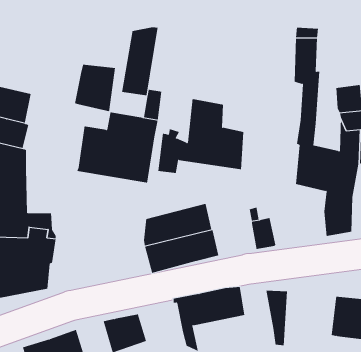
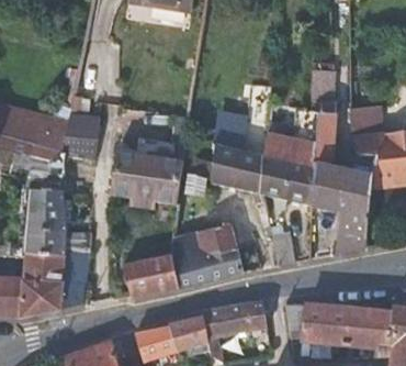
building: [121,26,158,96] -> none
building: [74,64,116,112] -> [64,113,102,157]
building: none -> [263,136,317,206]
building: none -> [125,257,180,297]
building: none -> [304,304,350,345]
building: none -> [168,315,208,351]

